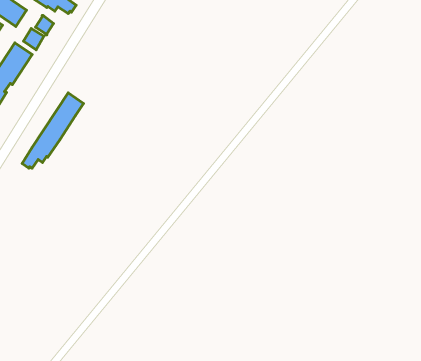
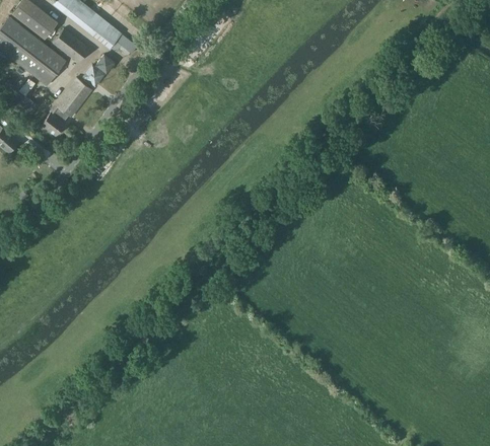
building: [22,93,83,168] -> none

